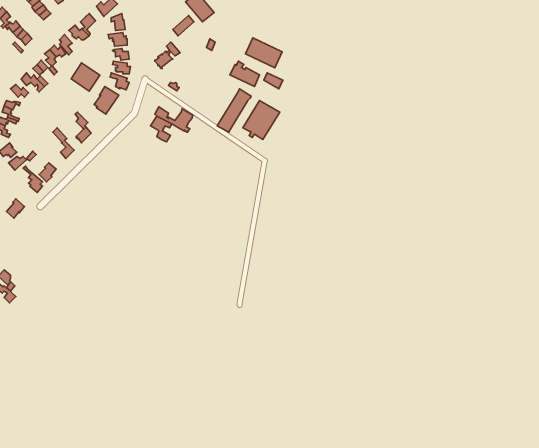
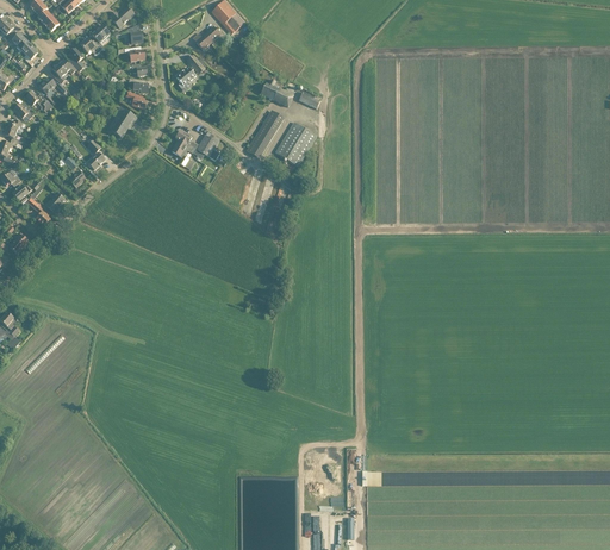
building: [246,38,282,68] -> none
building: [71,63,100,91] -> none

